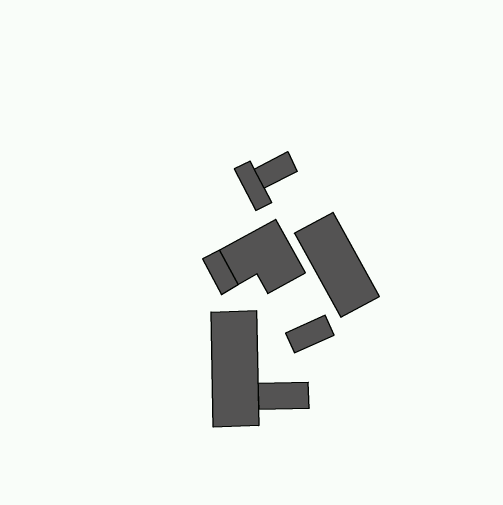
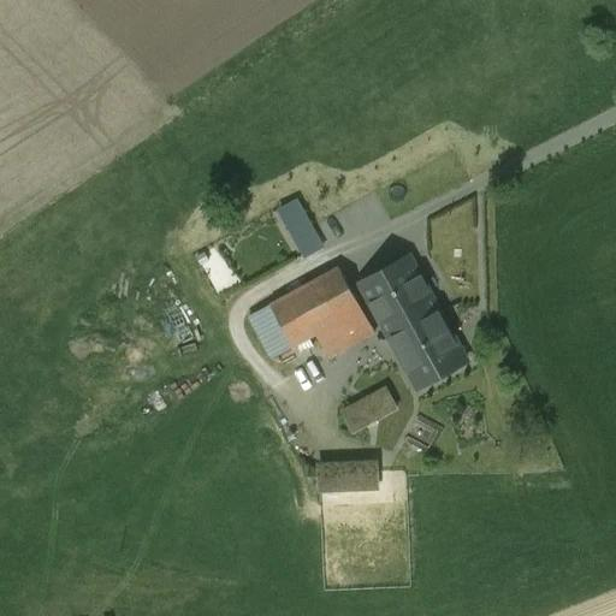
building: [254,152,297,188] -> none
building: [211,311,259,427] -> none

